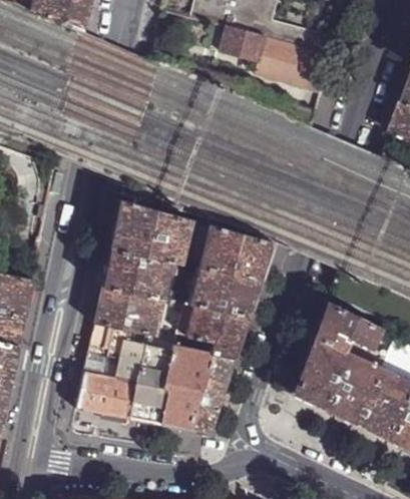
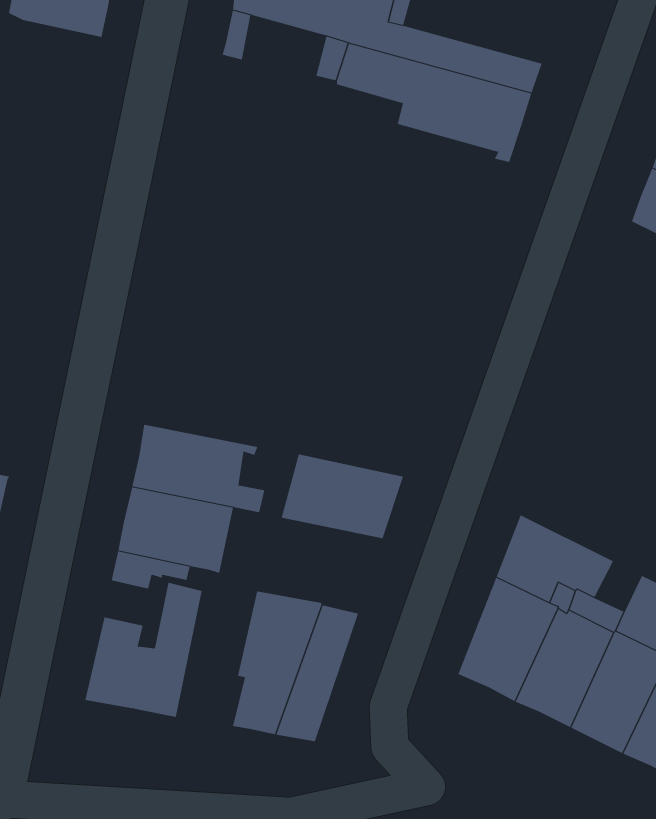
building: [108,198,189,262] -> none
building: [197,223,273,279] -> none
building: [176,302,247,358] -> none
building: [127,336,174,423] -> none

